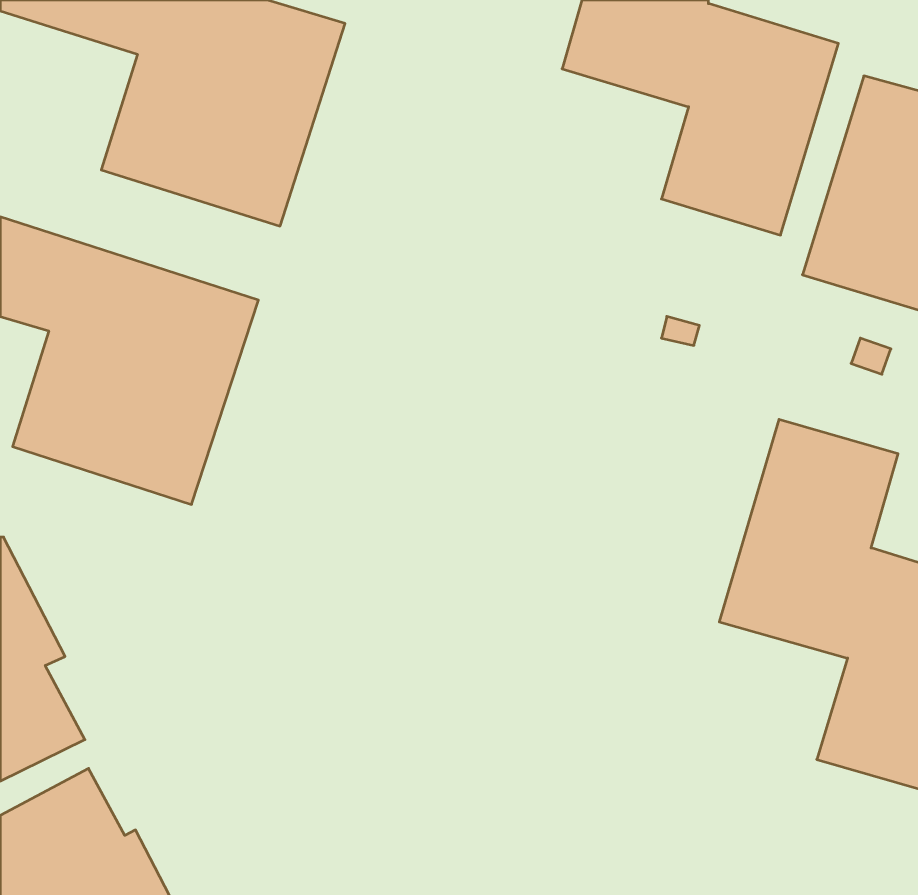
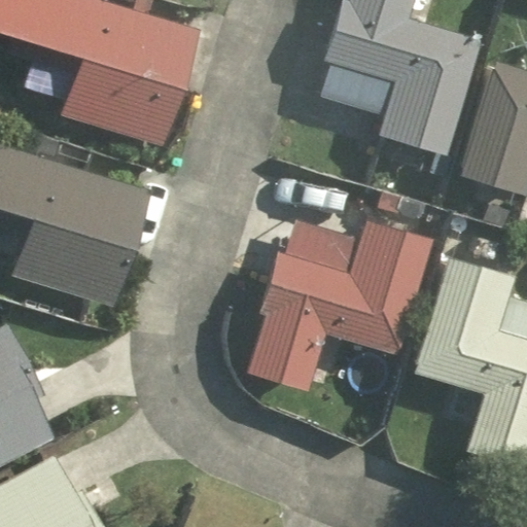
building: none -> [247,218,431,388]

